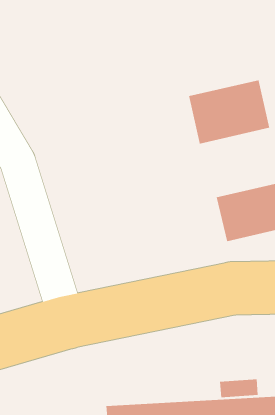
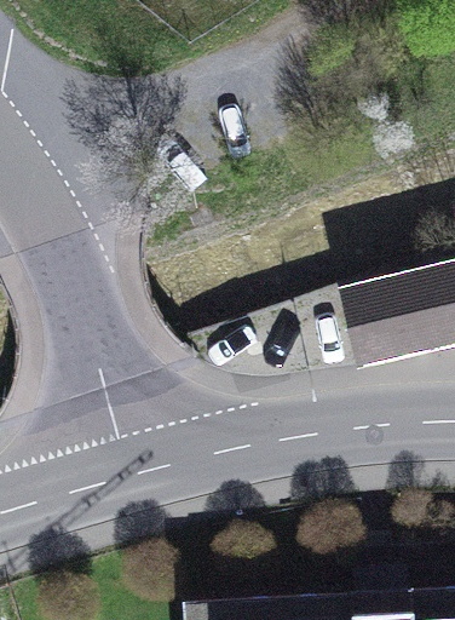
building: [189,79,270,144] -> none

